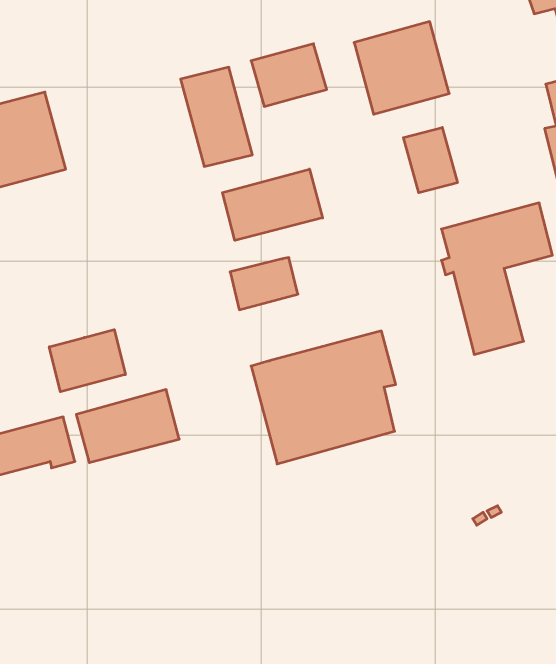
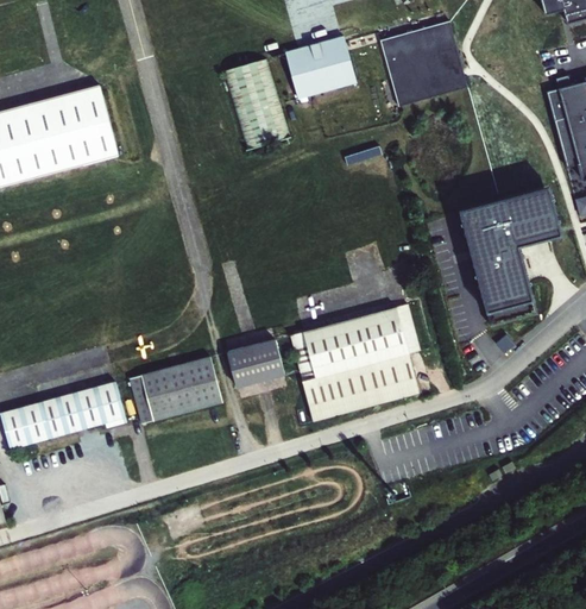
building: [403,127,457,193] -> none
building: [222,169,323,240] -> none
building: [230,258,298,310] -> [227,337,289,384]
building: [49,330,125,392] -> none

